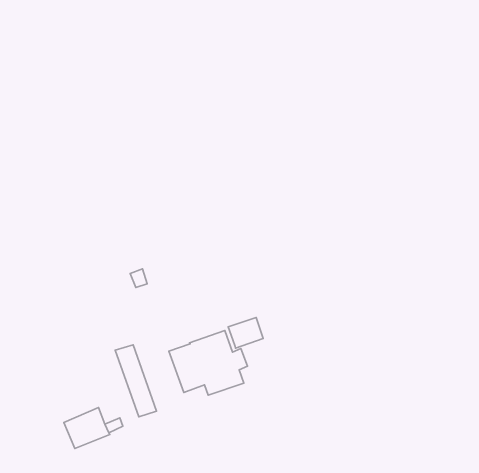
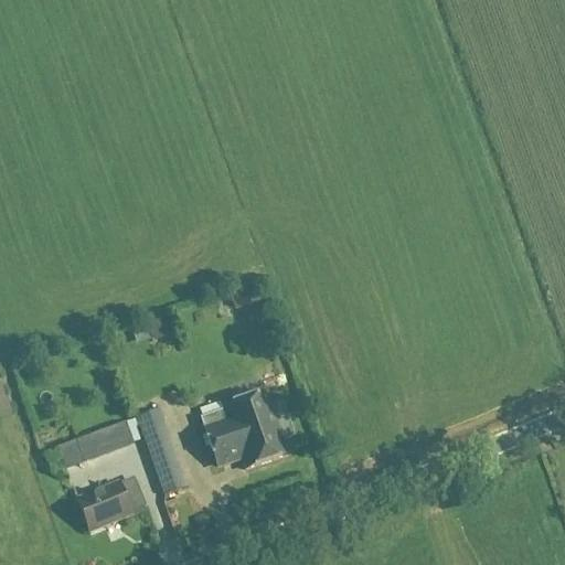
building: [228,318,263,348] -> none
building: none -> [73,420,130,459]

